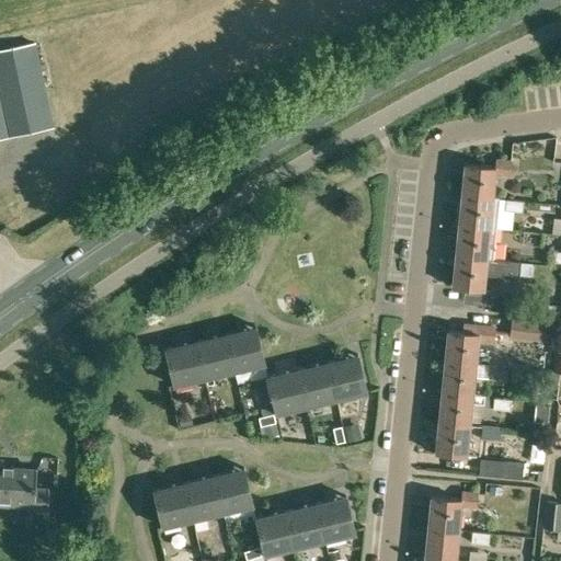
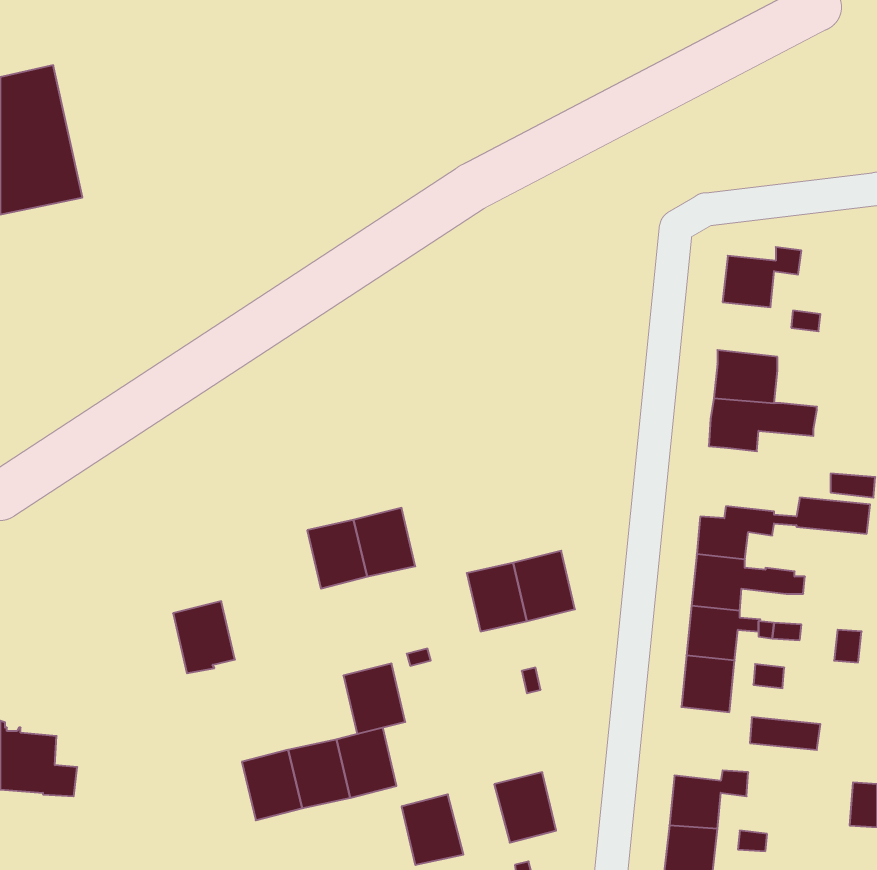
building: [458,197,500,232] -> none
building: [165,343,205,389] -> [173,601,235,673]
building: [267,370,307,415] -> [343,664,405,734]
building: [286,505,325,550] -> none

